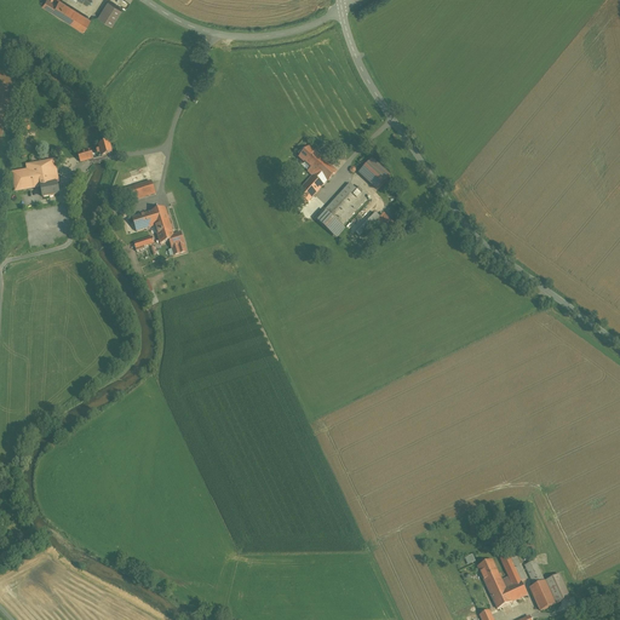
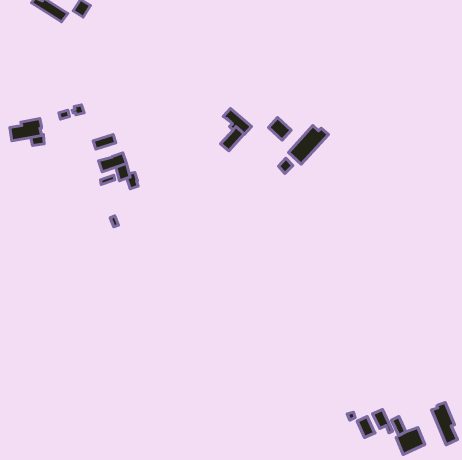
building: [316,182,369,234] -> [289,125,328,164]
building: none -> [431,402,457,445]
building: [488,570,527,607] -> none

